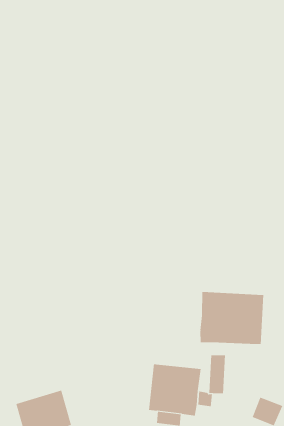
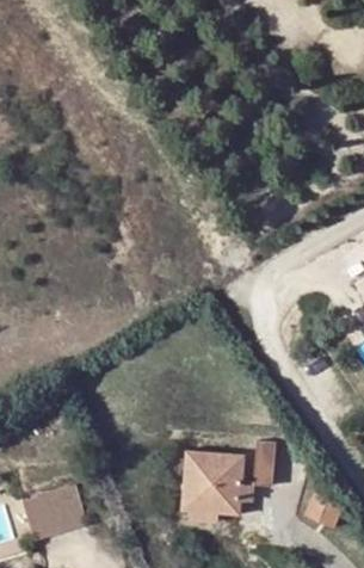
building: [200,291,264,345] -> none

